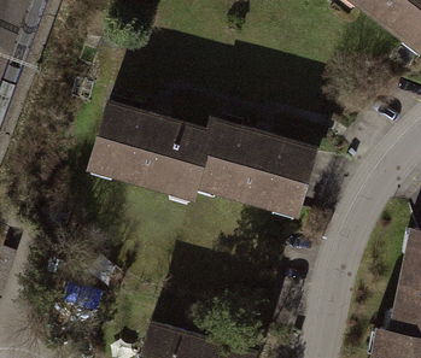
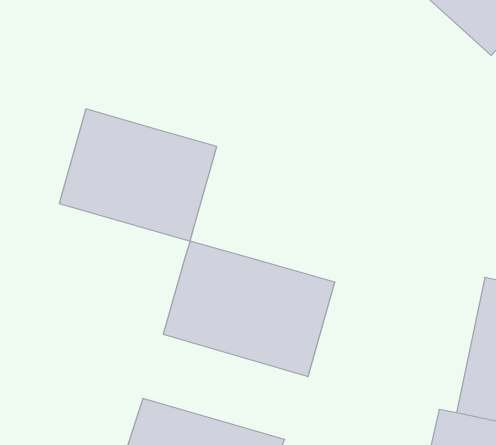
building: [188,115,320,218] -> [163,241,335,377]

